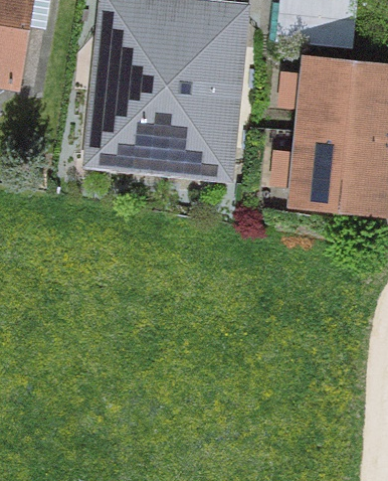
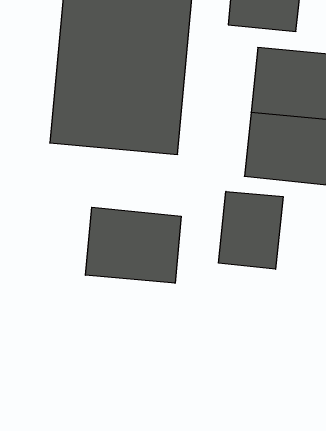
building: none -> [219,191,283,269]
building: none -> [85,207,181,283]

